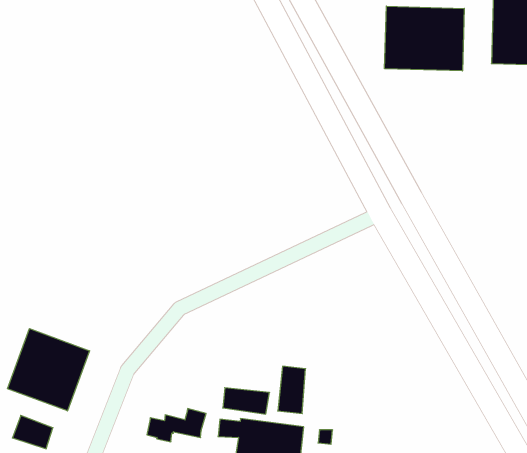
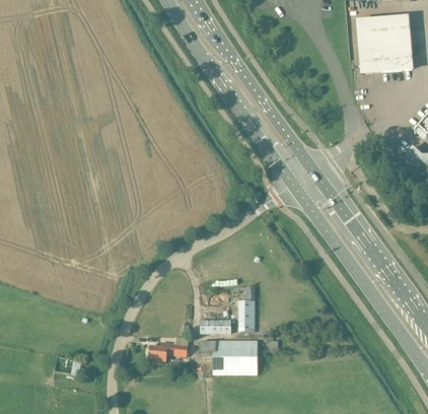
building: [385,6,464,71] -> none
building: [8,329,90,411] -> none

